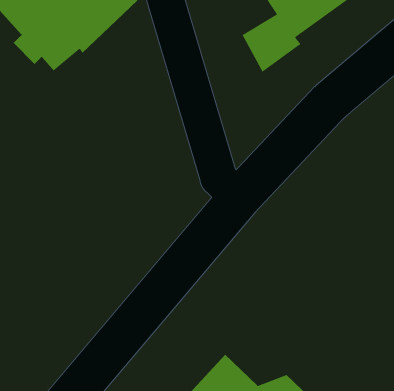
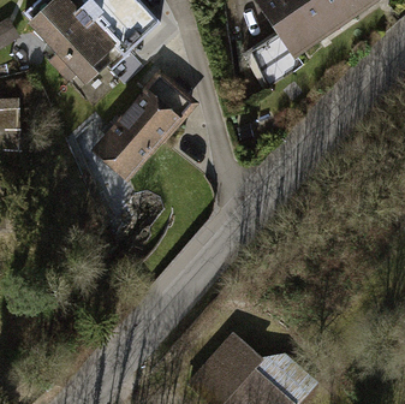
building: none -> [89,67,198,182]

